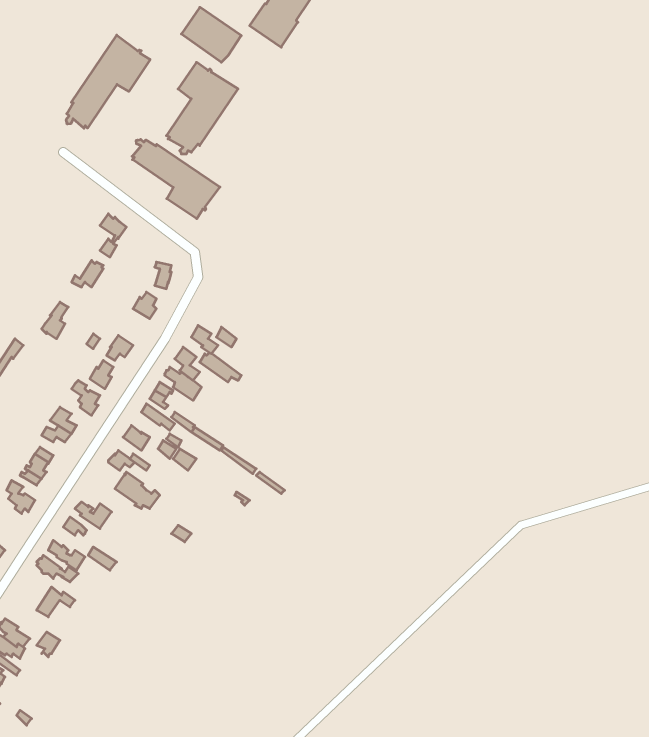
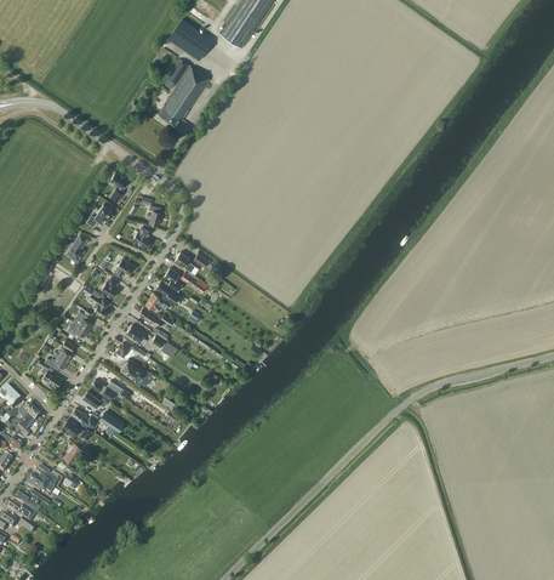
building: [66,35,150,128] -> none
building: [132,139,220,219] -> none

